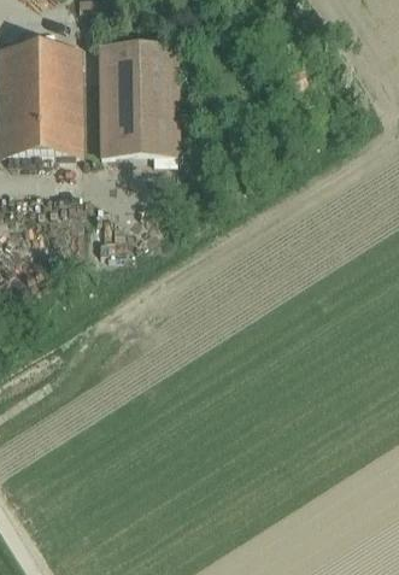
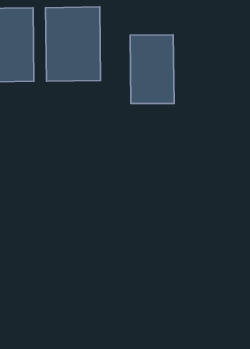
building: none -> [130,35,174,104]

